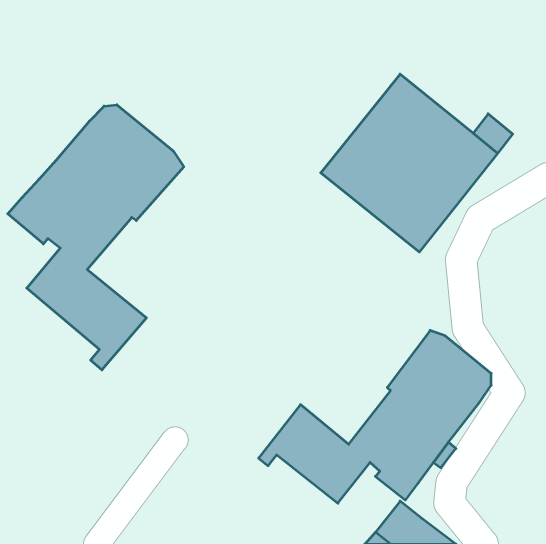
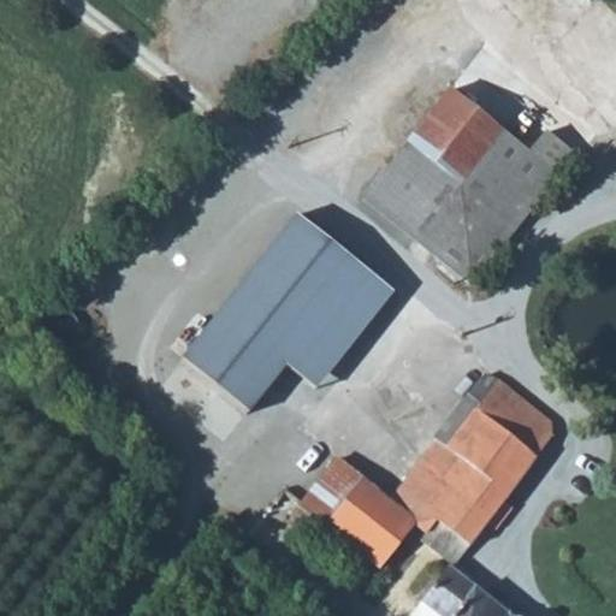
building: [8,105,184,370] -> none
building: none -> [182,217,396,414]

